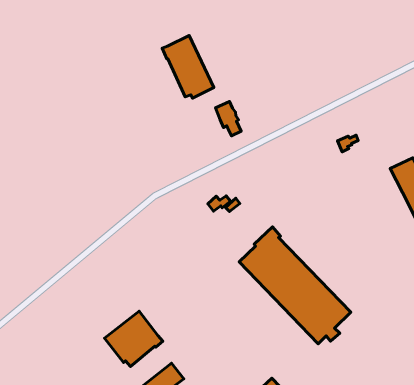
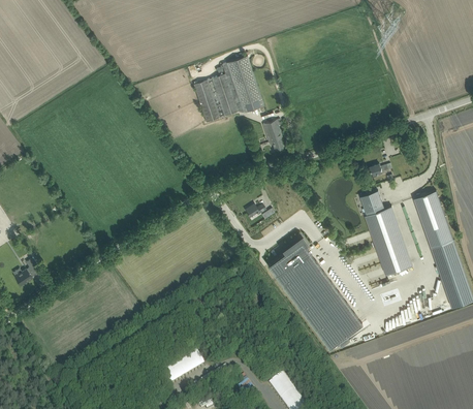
building: none -> [194,74,239,122]
building: none -> [361,191,412,275]
building: [105,311,163,366] -> none

